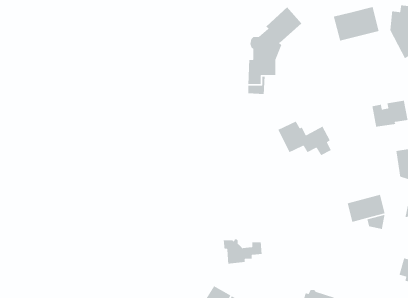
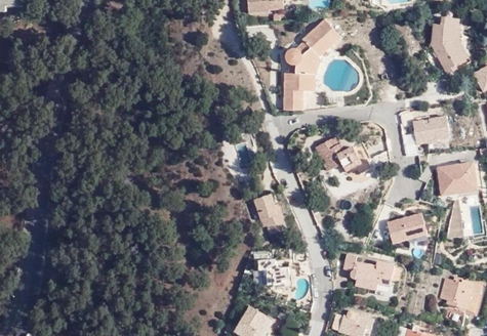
building: [333,6,380,41] -> none
building: none -> [254,195,286,235]
building: none -> [343,254,395,293]

